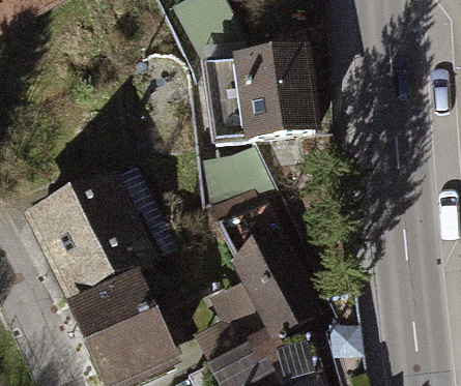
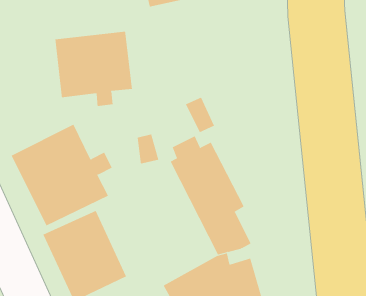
building: [203,55,312,144] -> none
building: none -> [55,31,133,107]

